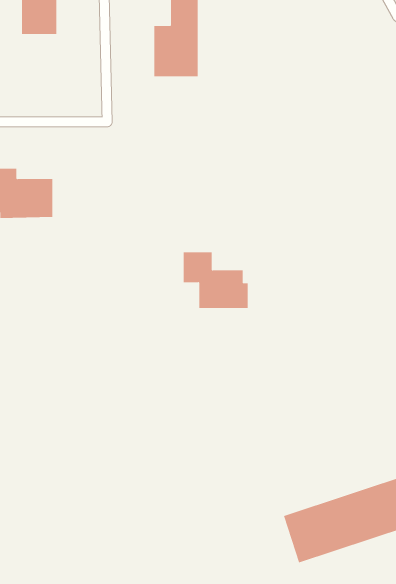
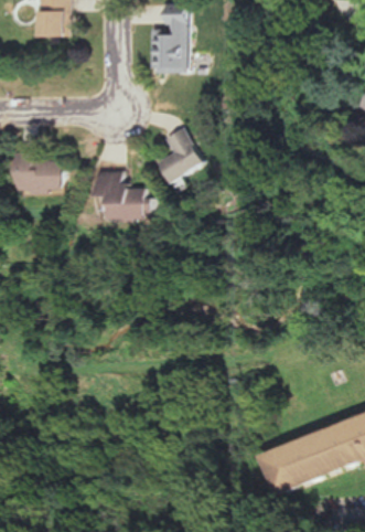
building: none -> [158,127,203,182]
building: [183,252,249,309] -> [96,170,152,219]

